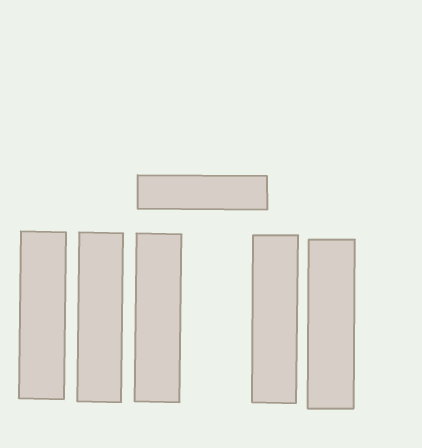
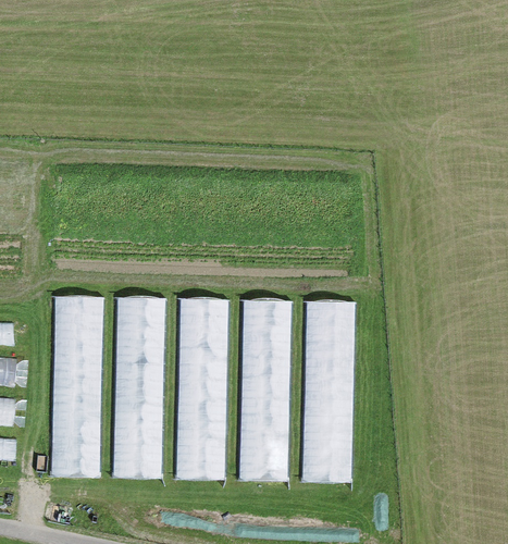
building: [138,175,267,210] -> none
building: [308,240,355,408] -> [239,299,290,482]

